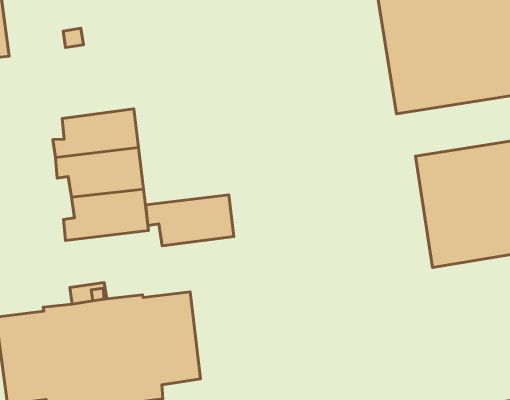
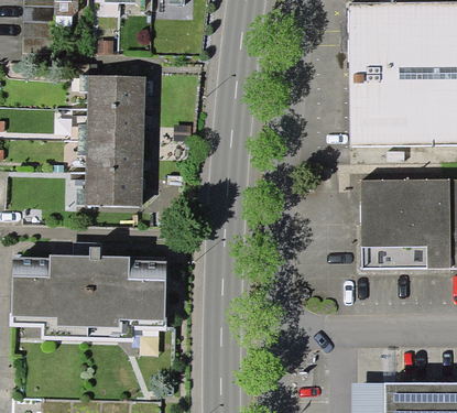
building: [146,195,234,246] -> [79,75,146,110]

